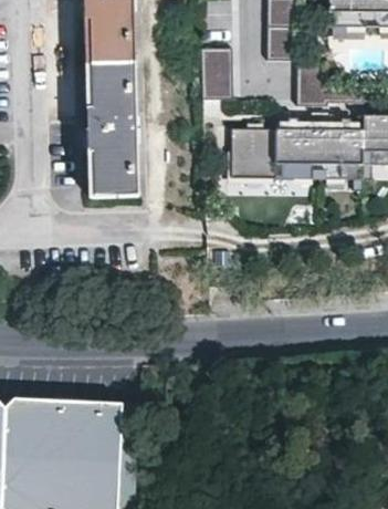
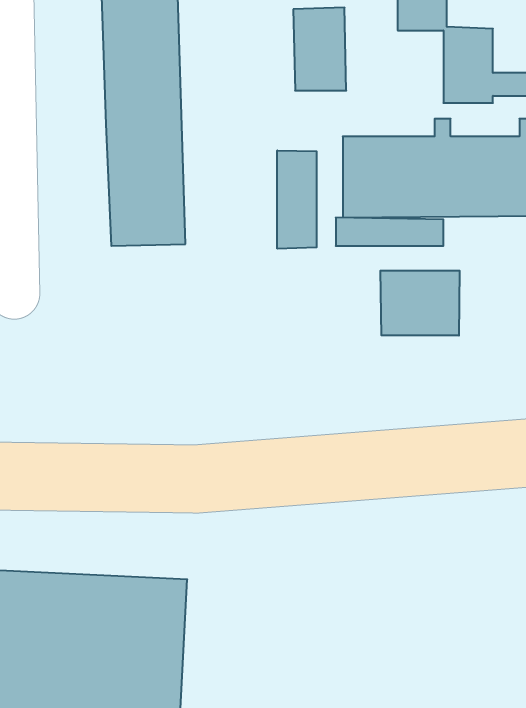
building: none -> [277,150,317,249]
building: none -> [380,271,460,336]

